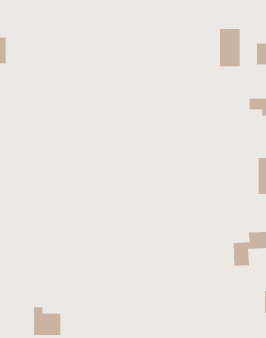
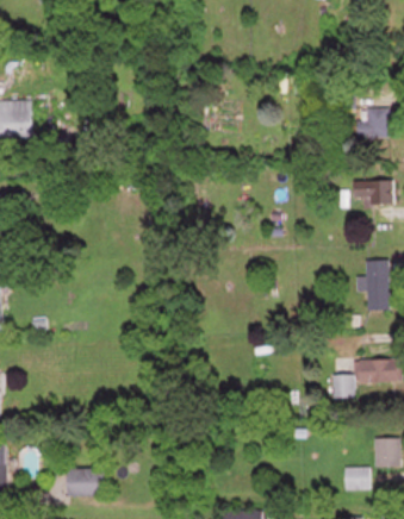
building: [219,28,240,67] -> none
building: none -> [343,468,368,490]

